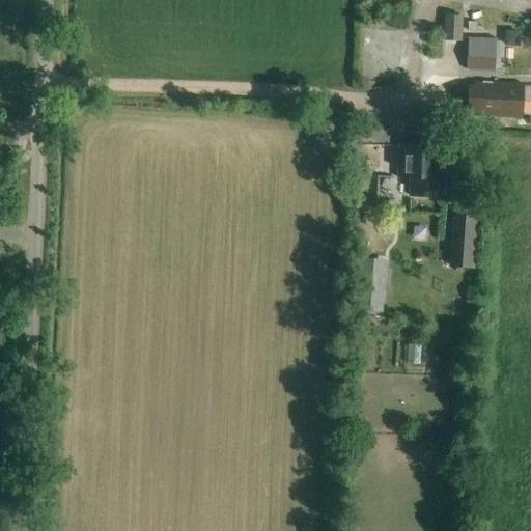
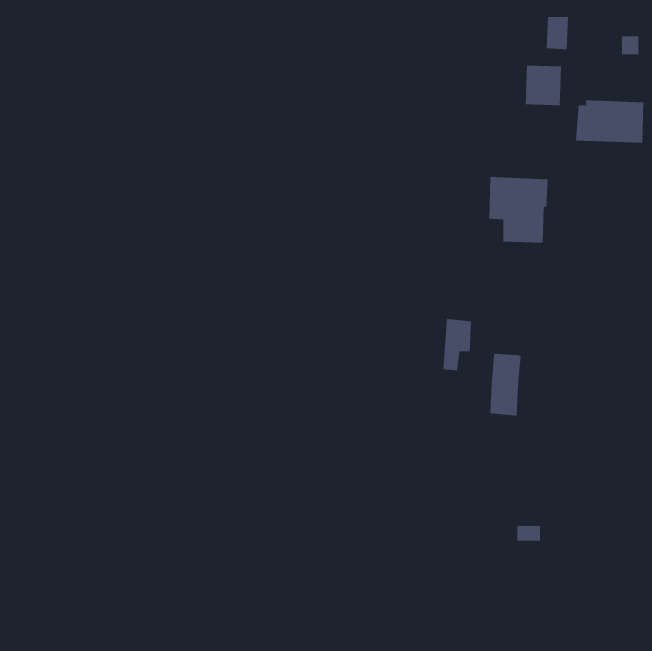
building: [467,37,497,71] -> [525,65,562,106]
building: [451,215,477,266] -> [489,353,521,416]

